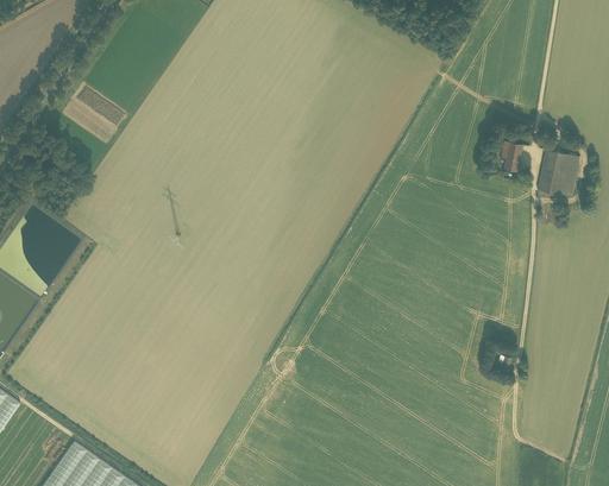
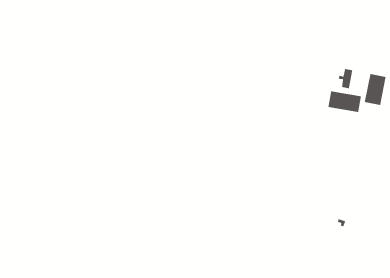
building: none -> [327,90,362,113]

